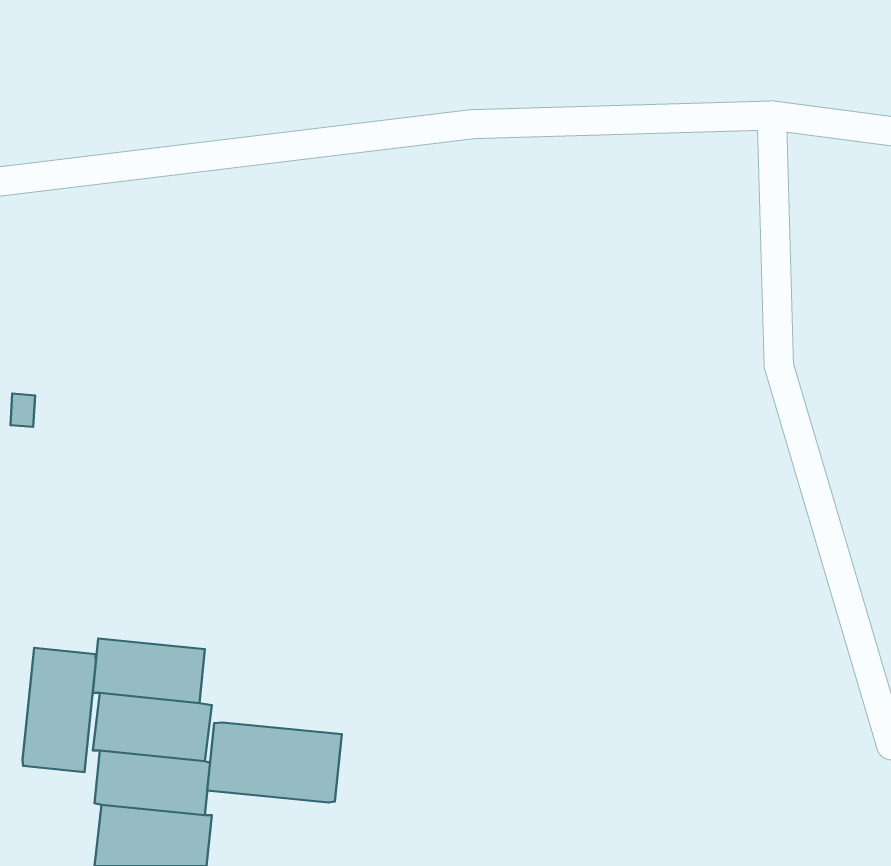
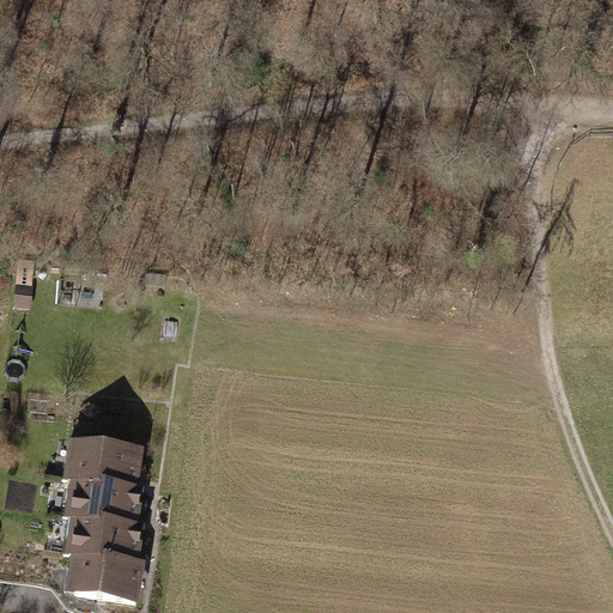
building: [22,648,96,772] -> none
building: [207,723,342,803] -> none

